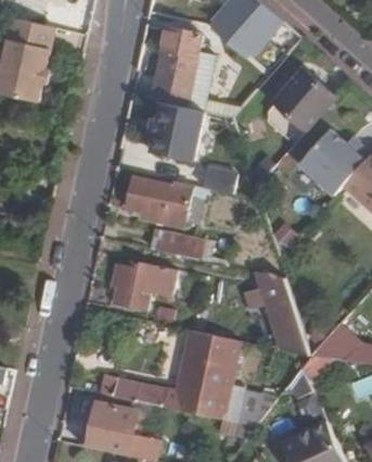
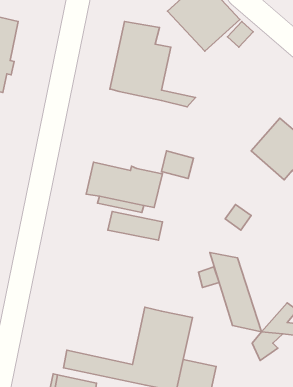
building: [273,68,334,129] -> none
building: [147,101,204,162] -> none
building: [110,261,176,311] -> none

